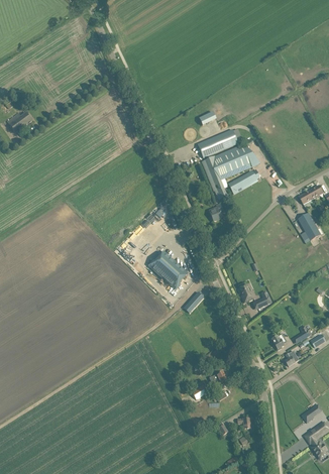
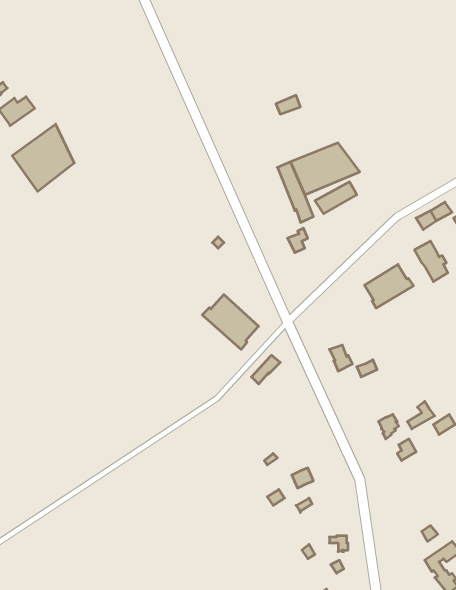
building: [198,129,238,158] -> none
building: none -> [12,124,74,191]
building: none -> [365,264,413,308]

